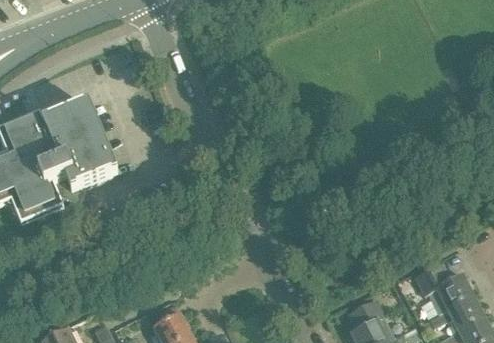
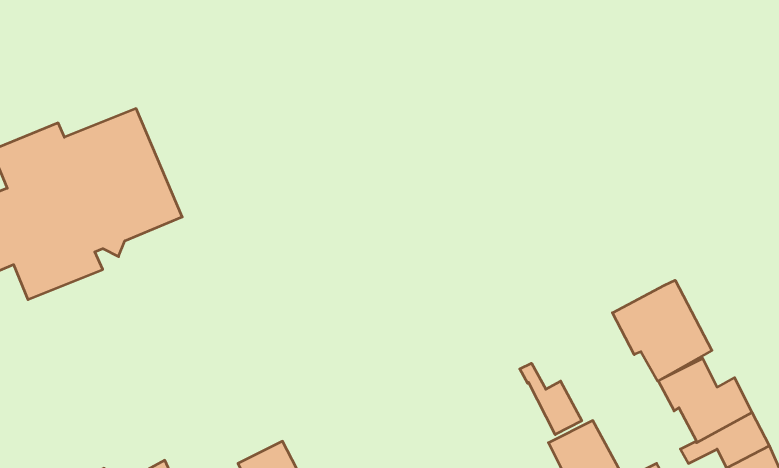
building: none -> [612,280,712,381]
building: none -> [520,363,582,435]

